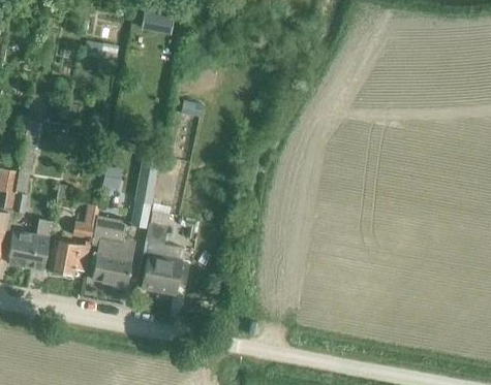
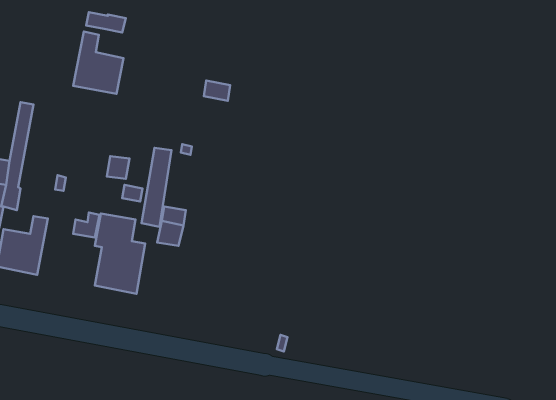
building: none -> [73,31,124,94]
building: [48,239,90,275] -> none
building: [141,254,181,294] -> none

